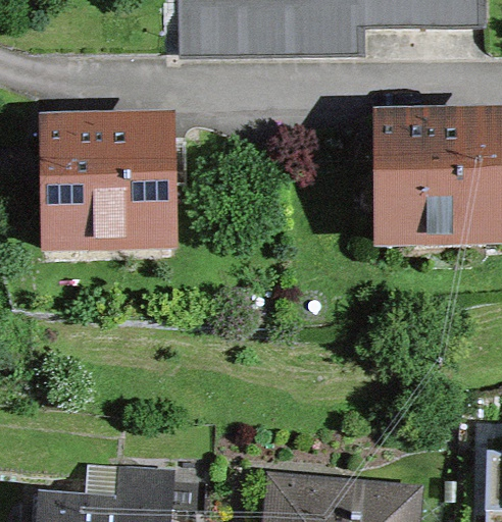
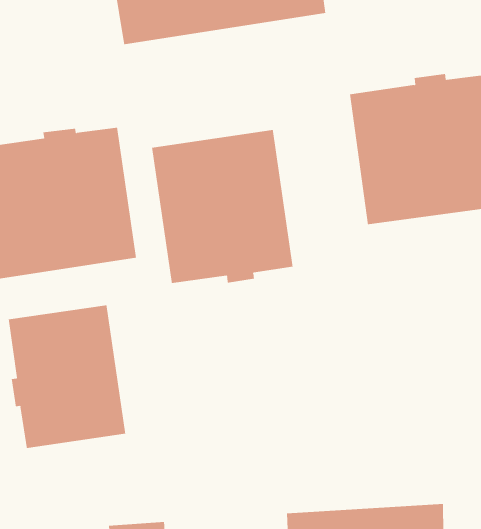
building: none -> [152,129,293,284]
building: none -> [8,305,126,449]

